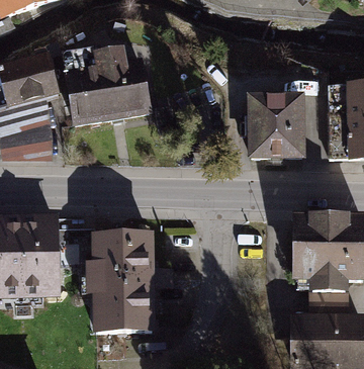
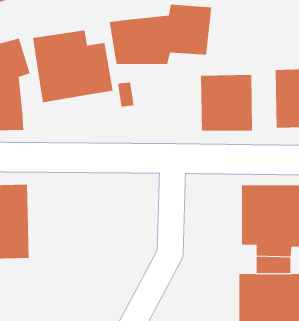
building: none -> [109,4,212,65]
building: [85,234,173,336] -> none

